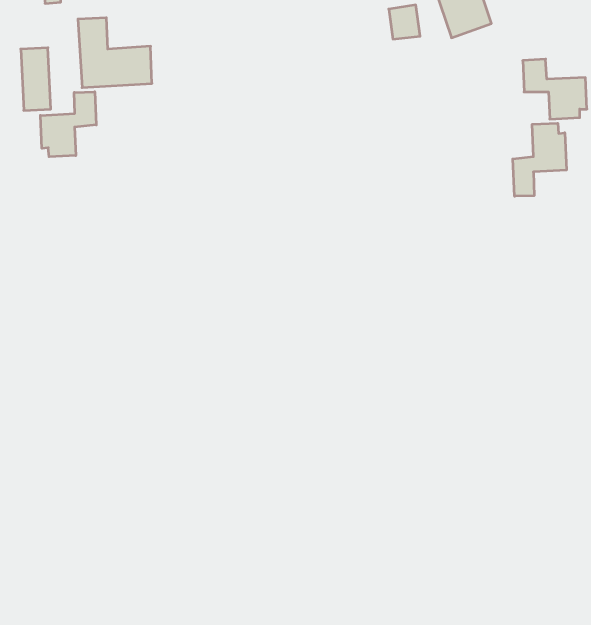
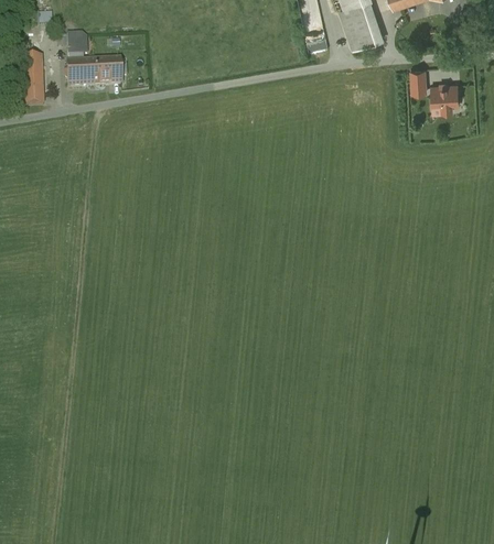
building: [40,92,96,157] -> none
building: [513,123,566,196] -> none

